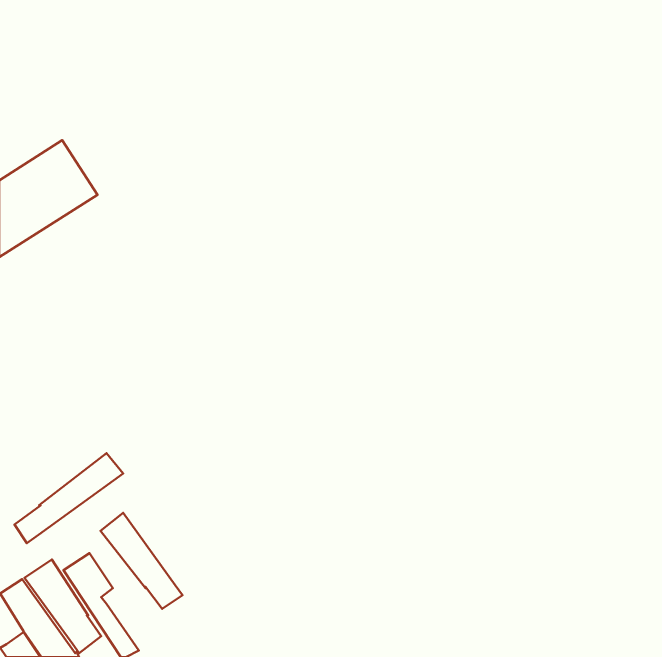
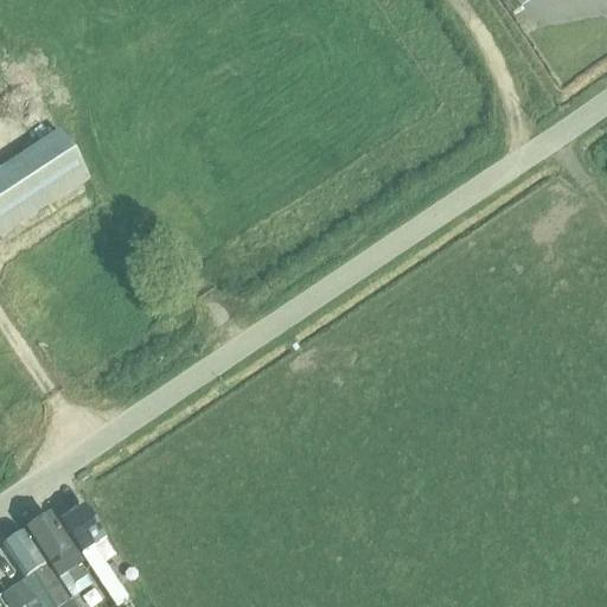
building: [15,453,123,543] -> none
building: [100,513,183,609] -> none

